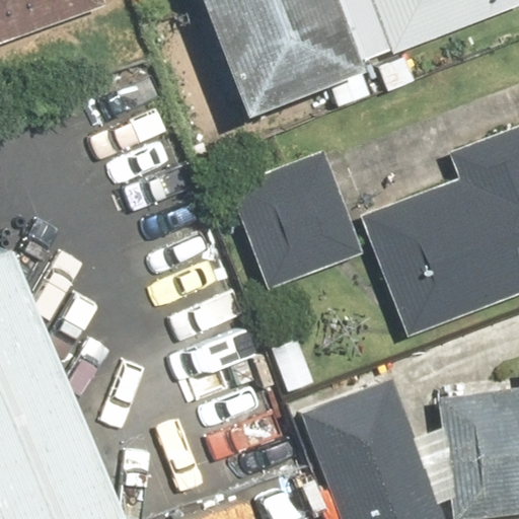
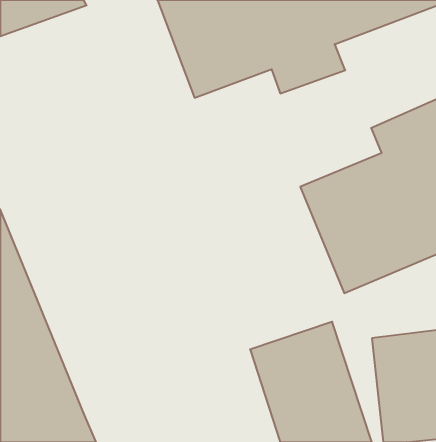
building: [226,146,362,290] -> none

